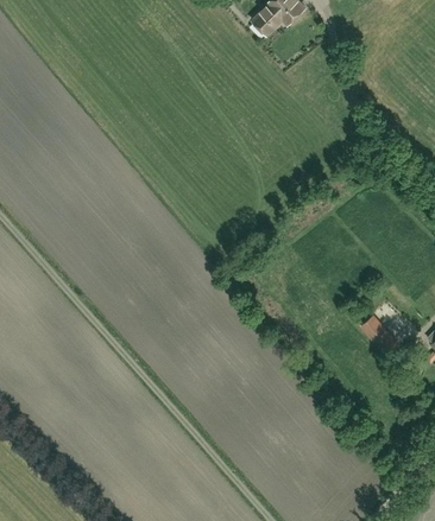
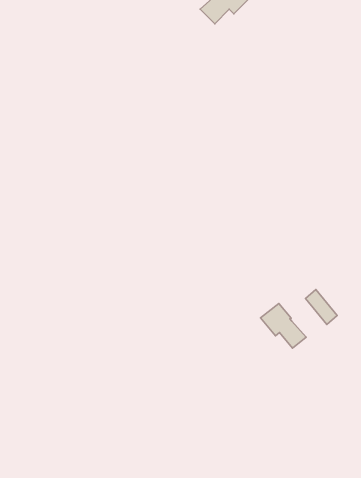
building: none -> [260,303,306,348]

